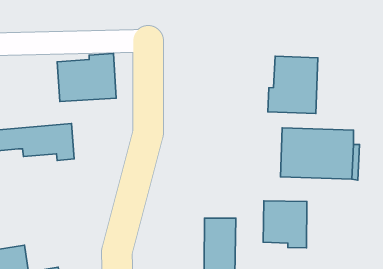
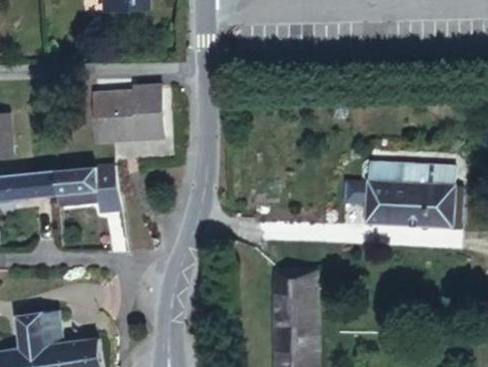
building: [268,56,318,113] -> none
building: [263,201,307,248] -> none

